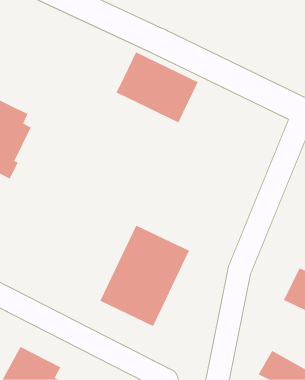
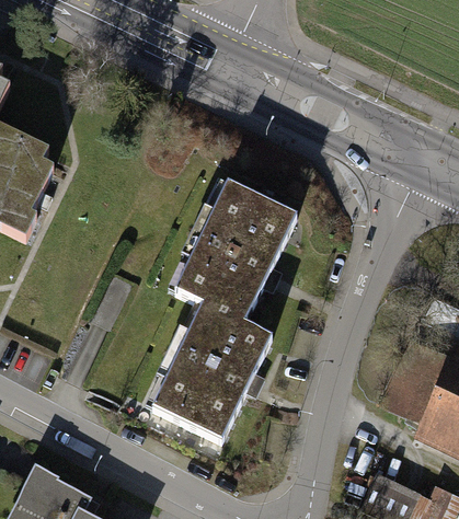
building: [116,51,198,123] -> none
building: none -> [170,184,296,327]

